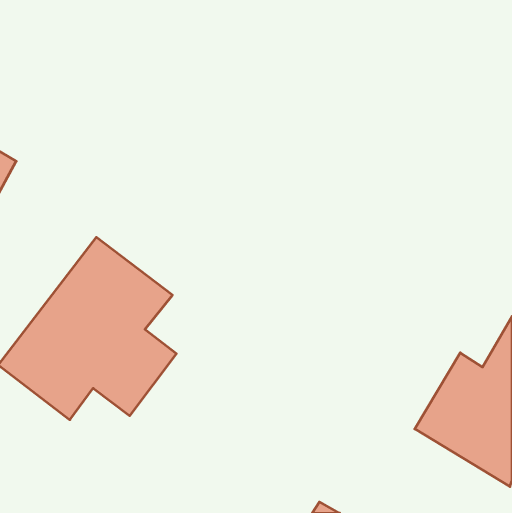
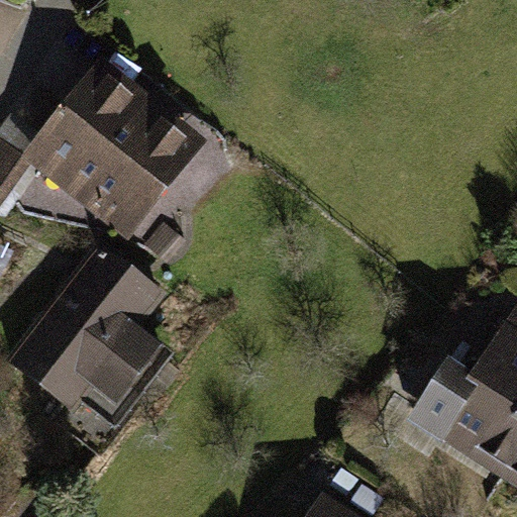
building: none -> [25,62,208,242]

